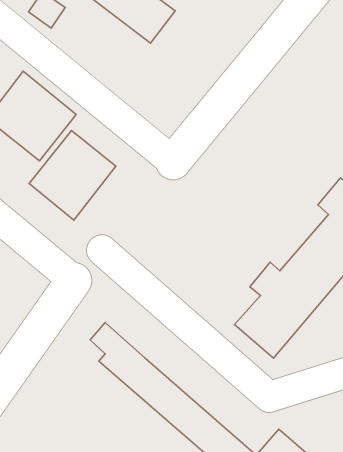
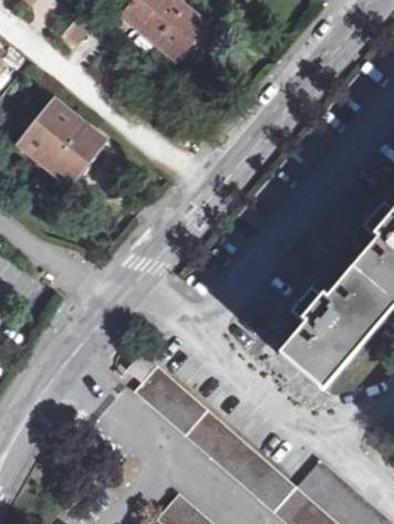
building: [29,130,116,220] -> none

